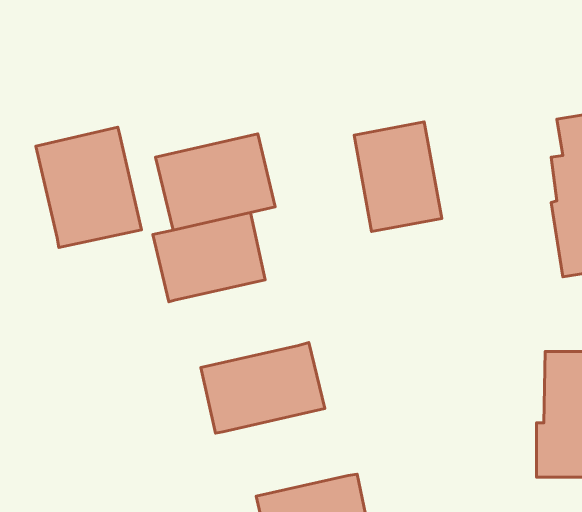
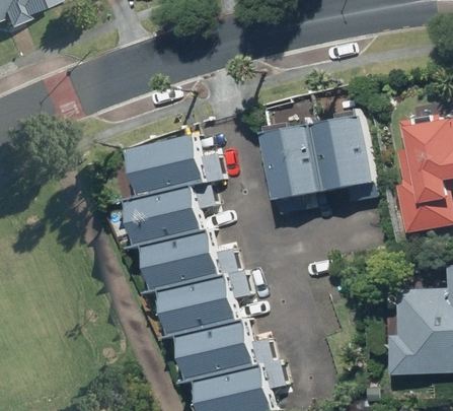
building: none -> [309,117,372,193]
building: [36,127,141,248] -> none
building: none -> [136,232,222,297]
building: none -> [169,323,256,389]

